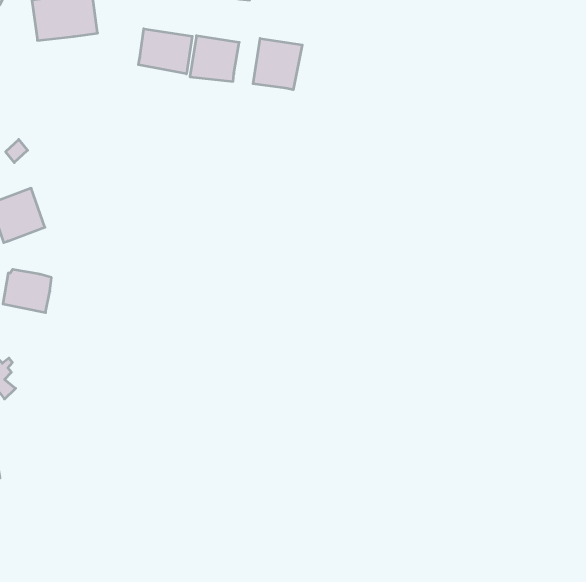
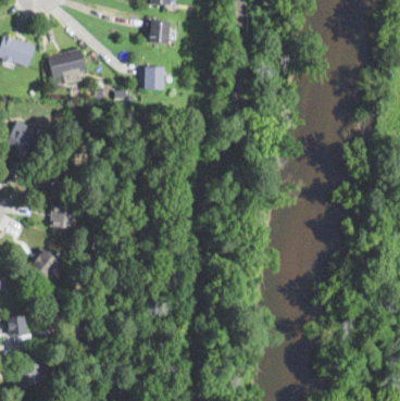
building: [138,29,192,74] -> none
building: [253,38,302,90] -> none

